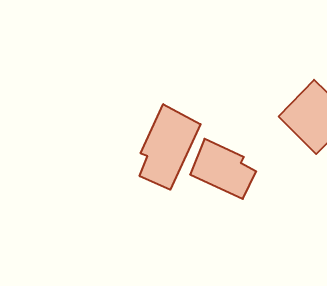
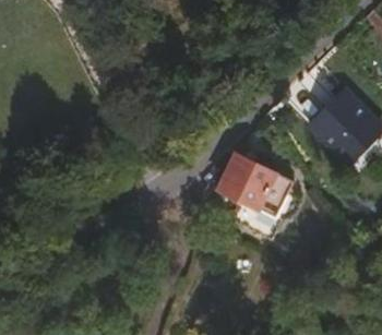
building: [140,104,201,190] -> none

